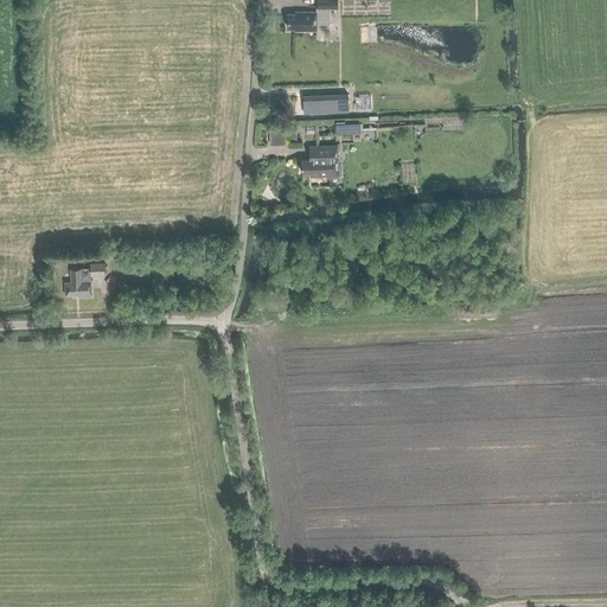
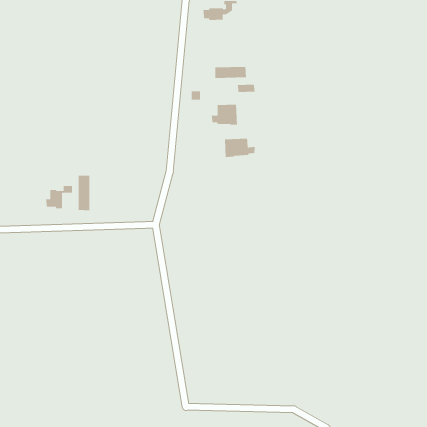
building: none -> [224,138,255,158]
building: none -> [78,175,90,211]

